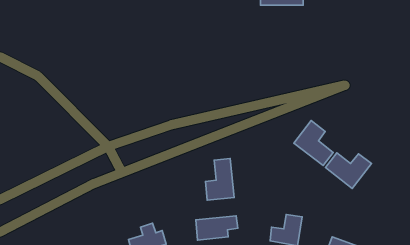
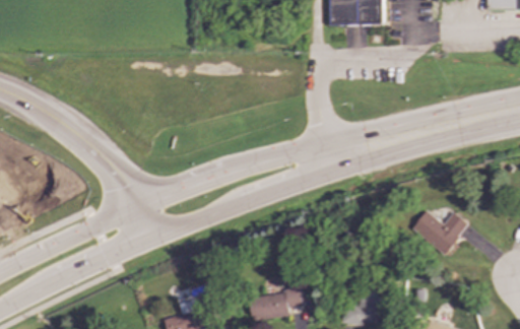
building: [294,121,333,166] -> none
building: [205,159,234,200] -> none

